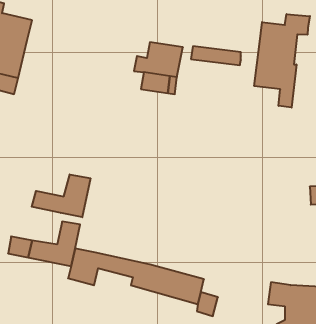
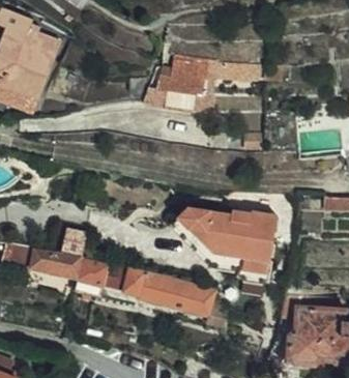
building: [254,14,310,108] -> none
building: [32,174,90,217] -> none
building: none -> [187,204,288,275]

